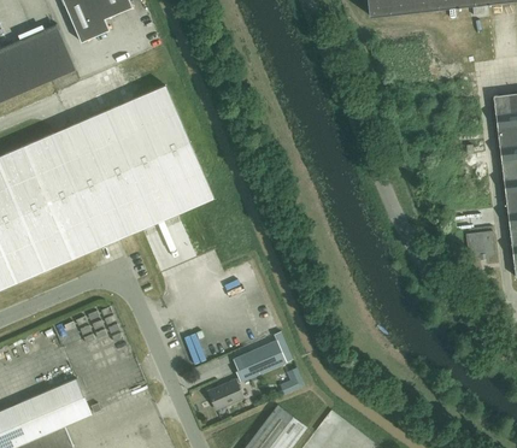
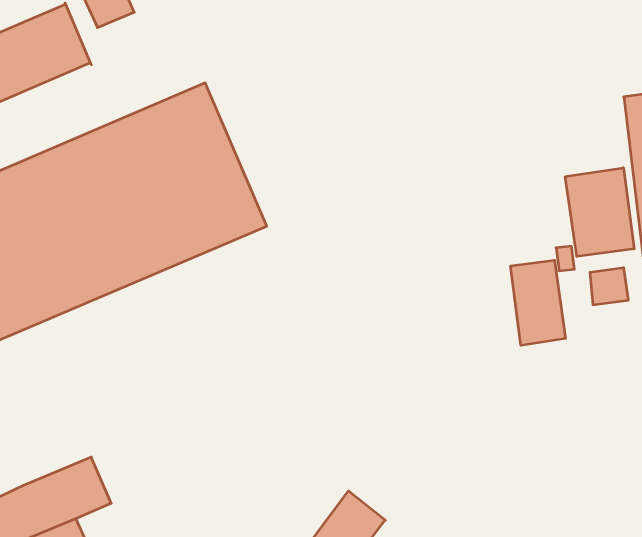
building: none -> [565,168,634,256]
building: none -> [511,260,566,345]
building: [208,340,286,409] -> none

